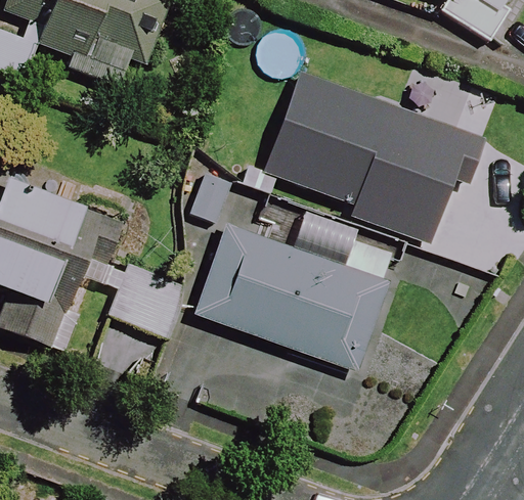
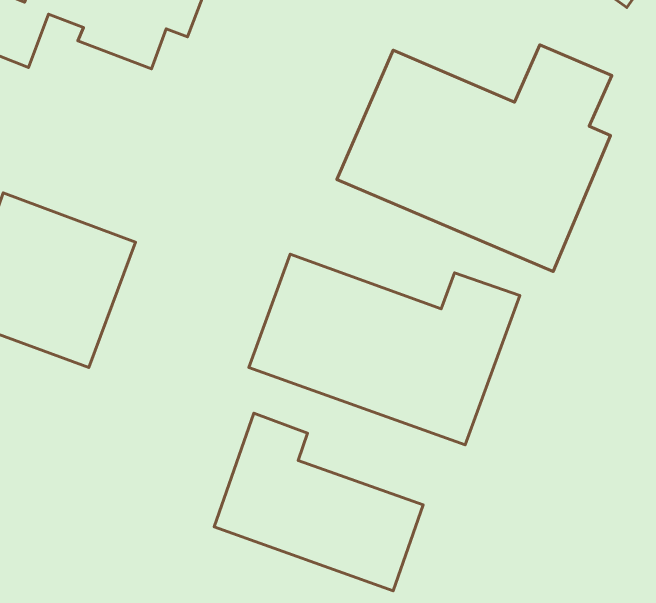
building: none -> [214,413,423,591]

